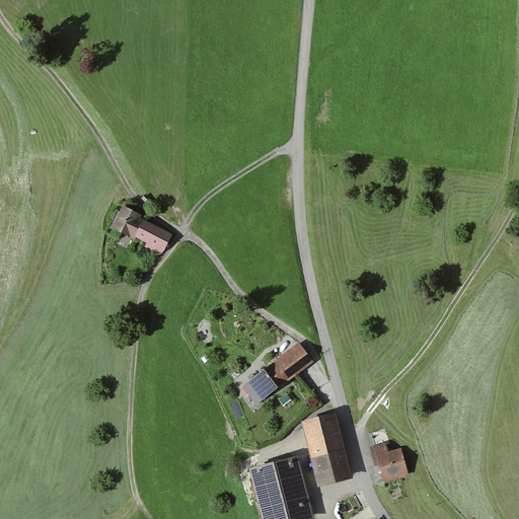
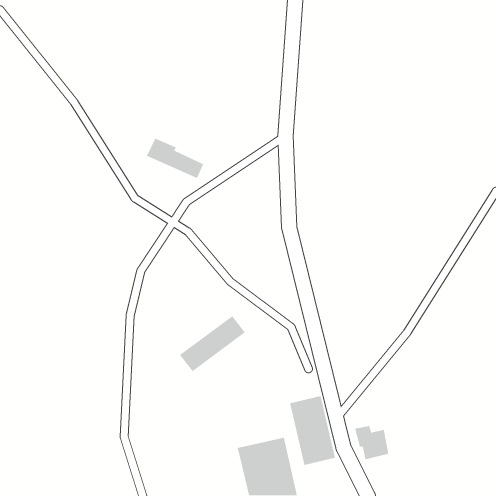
building: [110,207,171,250] -> [146,138,204,179]
building: [242,344,312,403] -> [179,315,246,372]

